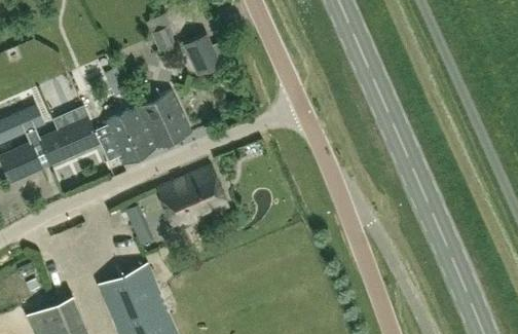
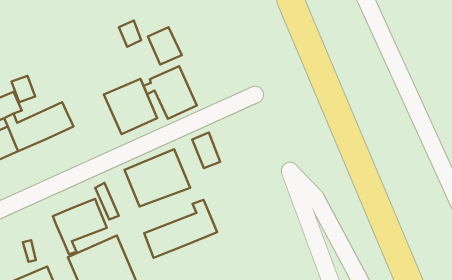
building: [95,108,153,165] -> [143,66,197,119]
building: none -> [192,133,220,168]
building: none -> [53,199,107,254]
building: none -> [144,200,217,258]

